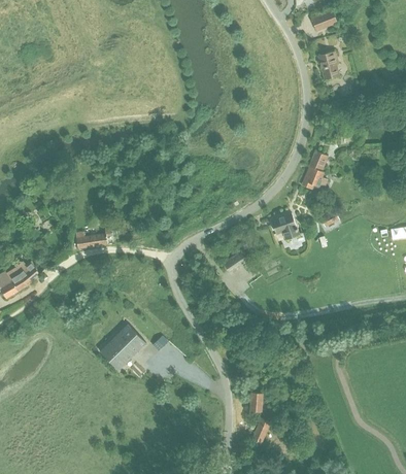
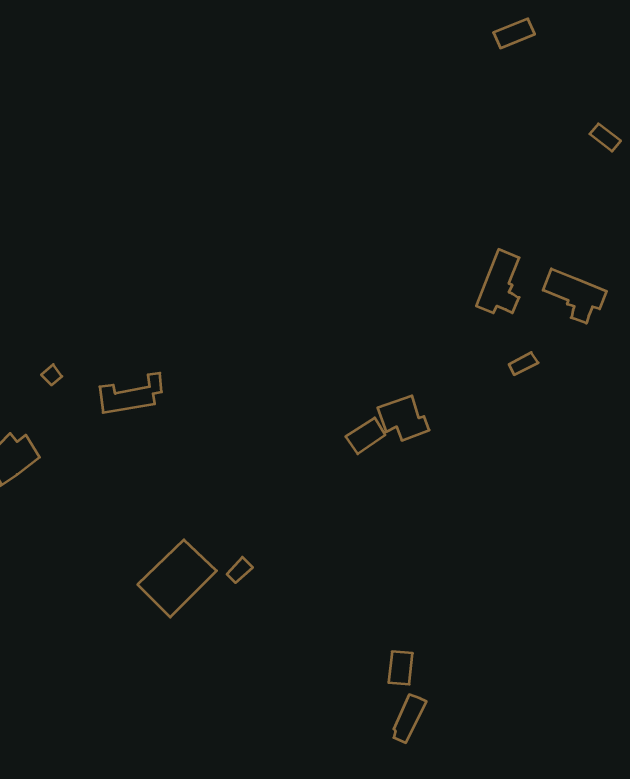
building: [317,50,338,79] -> none
building: none -> [543,269,607,323]
building: [270,212,301,239] -> [378,396,429,440]

